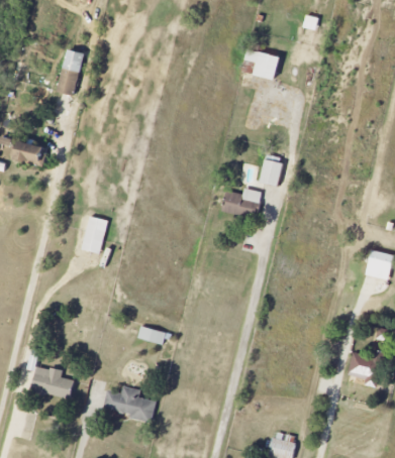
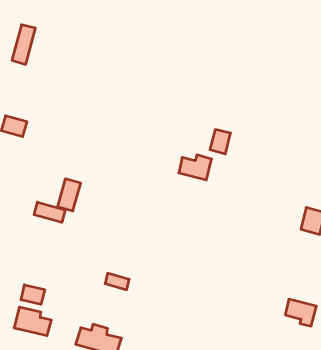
building: [57,49,84,96] -> [12,25,35,64]
building: [244,49,280,79] -> none
building: none -> [34,202,65,222]
building: none -> [21,285,45,304]

